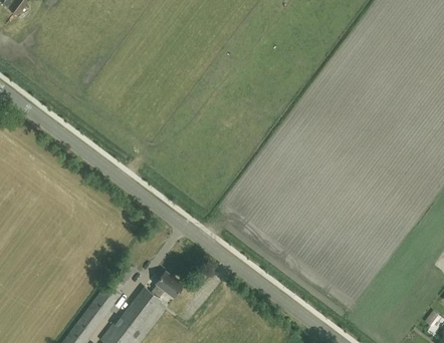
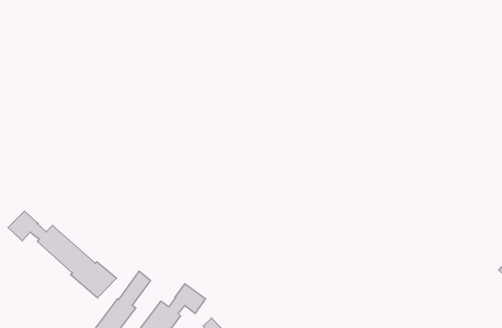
building: none -> [8,211,116,298]

